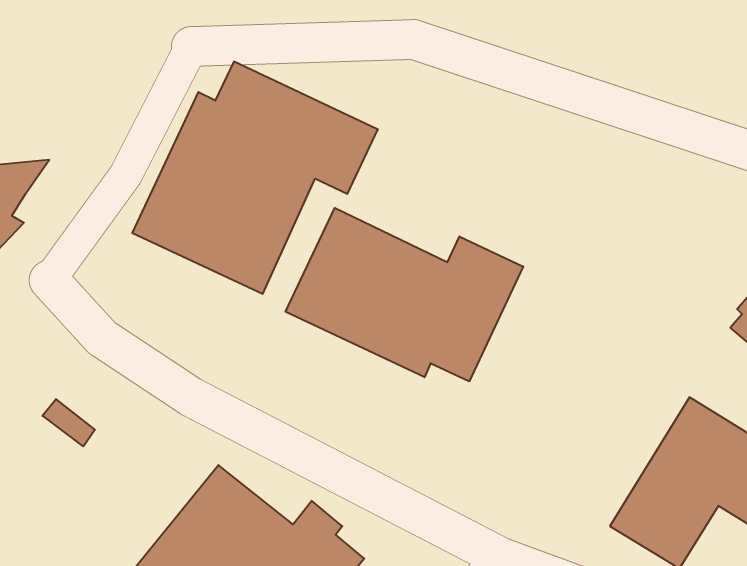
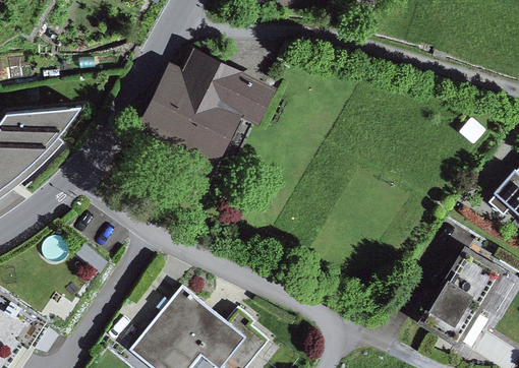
building: [286,208,523,381] -> none

